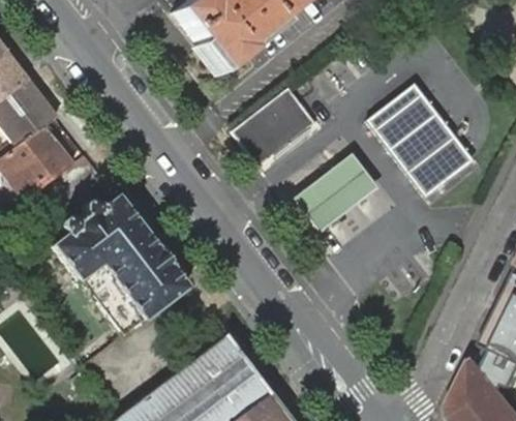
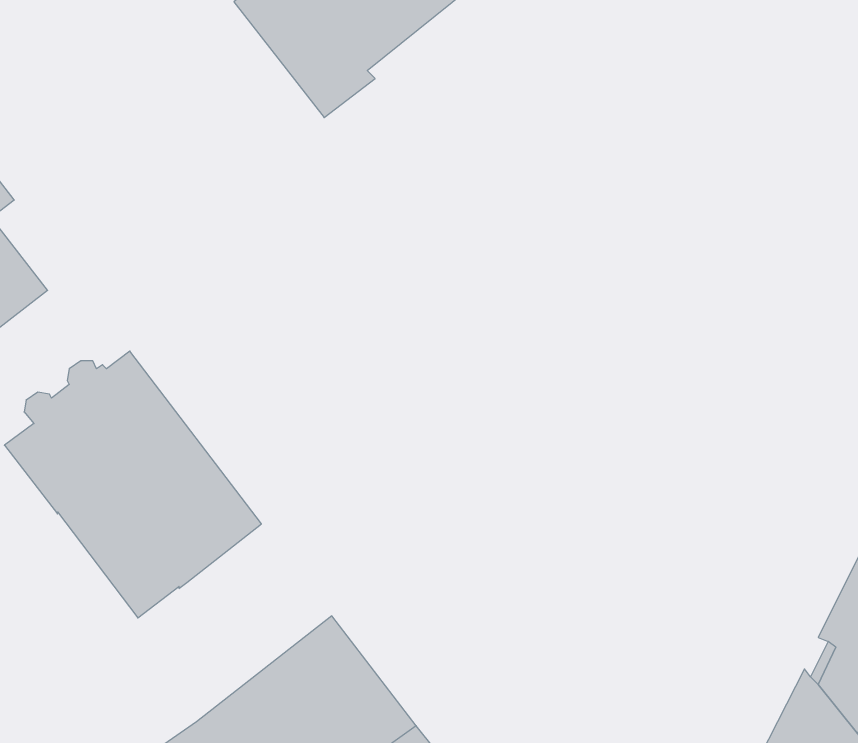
building: [372,88,475,197] -> none
building: [233,89,315,166] -> none
building: [295,156,377,233] -> none

